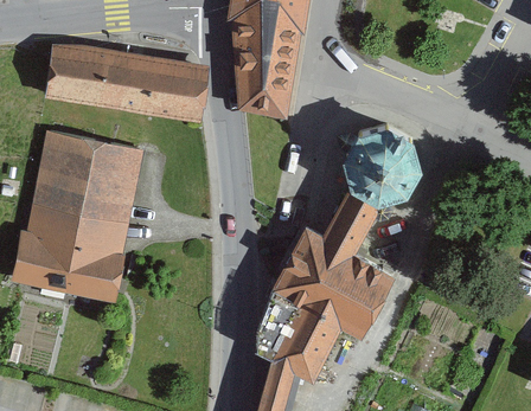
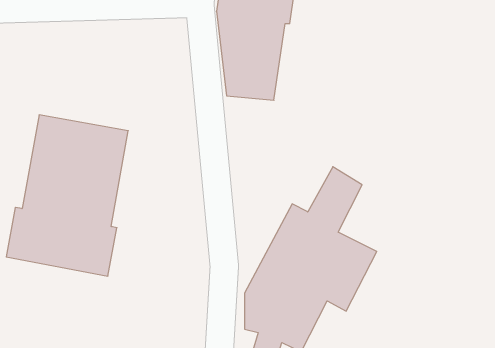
building: [44,44,192,118] -> none
building: [345,128,428,205] -> none

